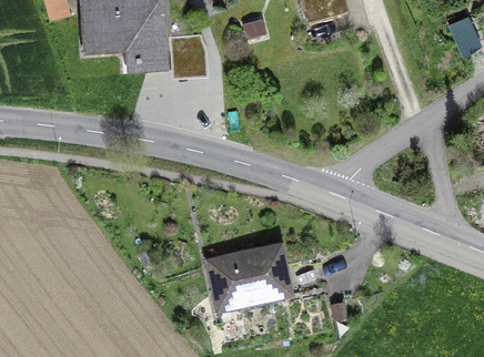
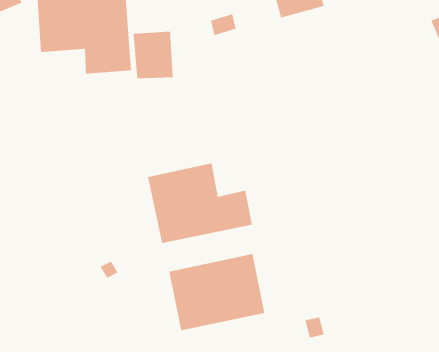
building: none -> [148,163,252,244]

